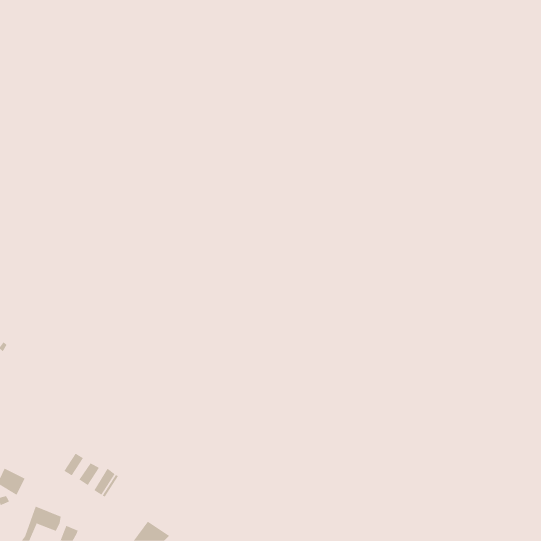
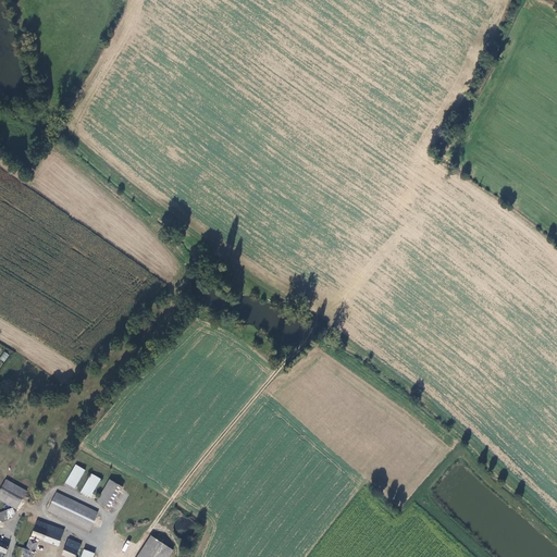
building: none -> [48,494,97,530]

